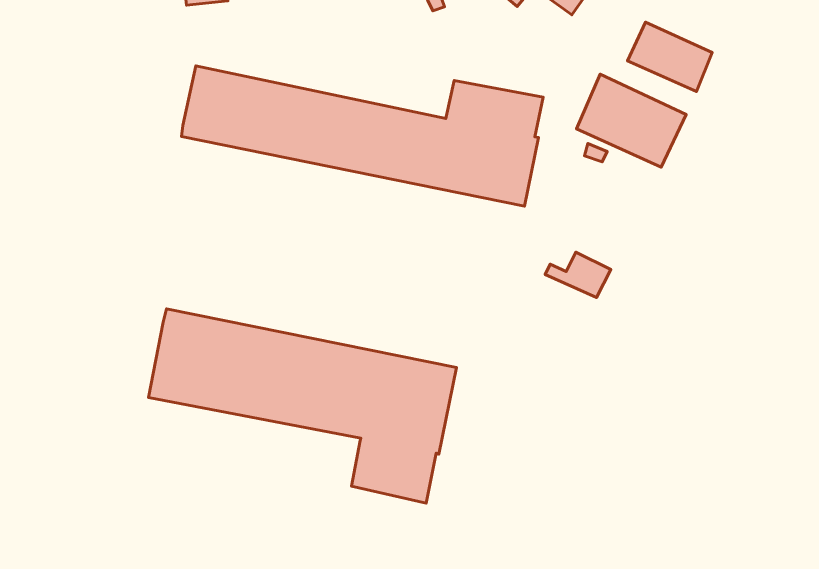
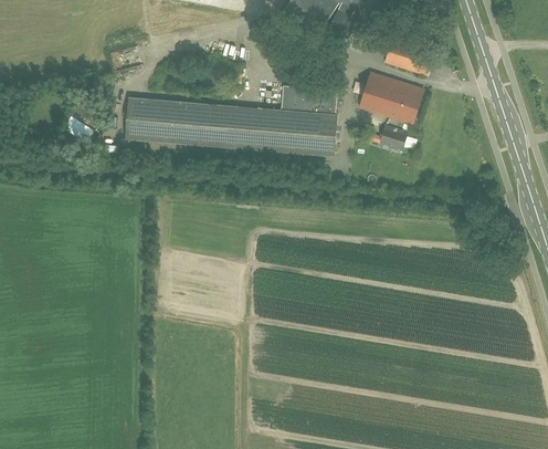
building: [545,252,611,298] -> [369,123,408,148]
building: [149,309,457,503] -> none

